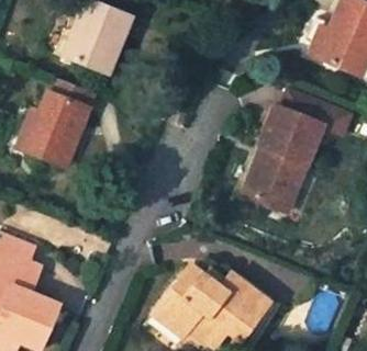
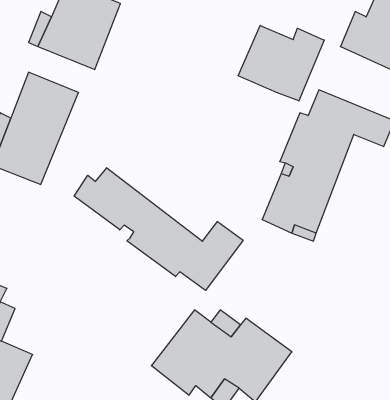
building: none -> [238,25,324,101]
building: none -> [74,168,243,290]

